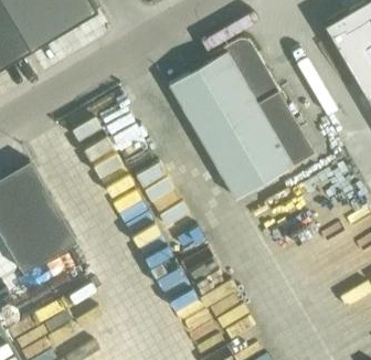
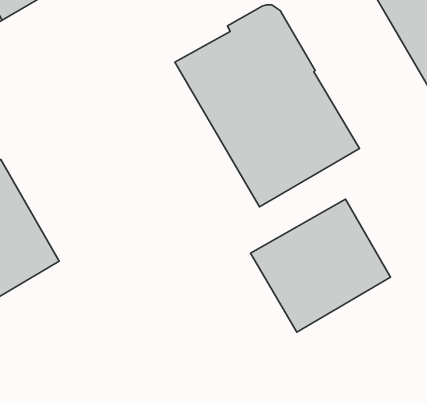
building: none -> [251,199,390,332]

